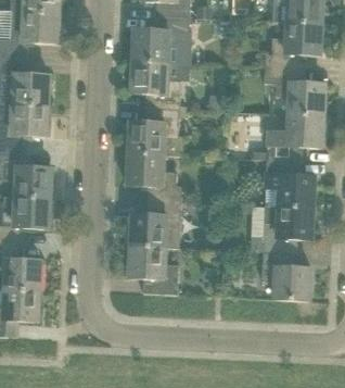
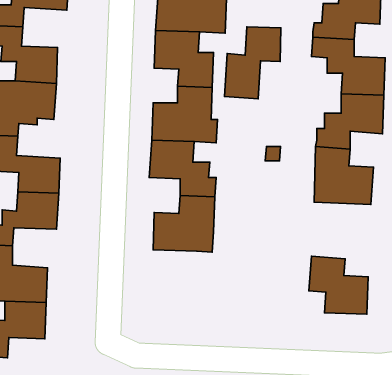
building: none -> [224,27,281,99]
building: [263,204,312,252] -> none
building: [128,245,177,293] -> none

